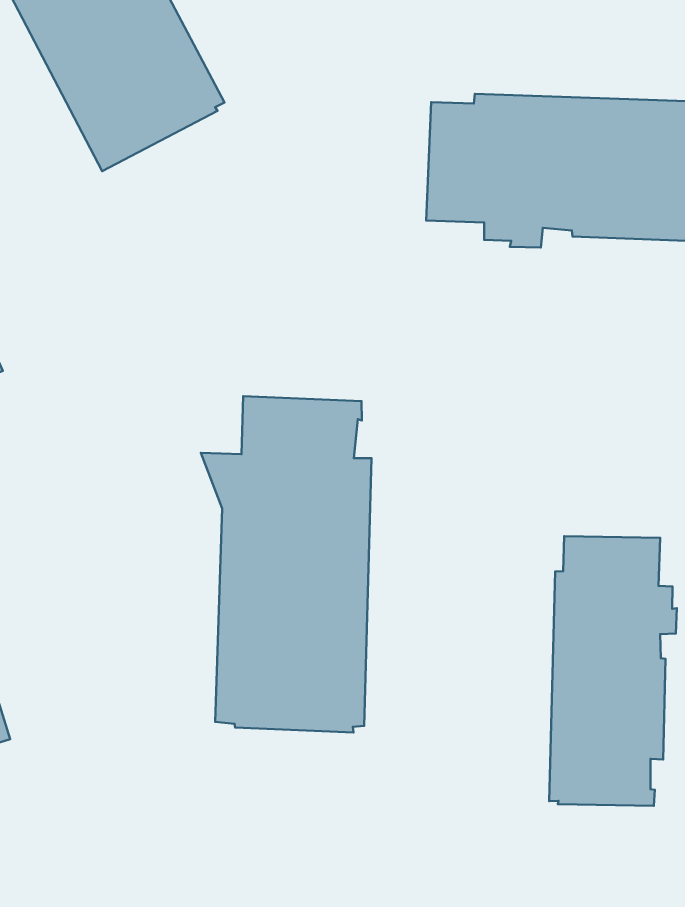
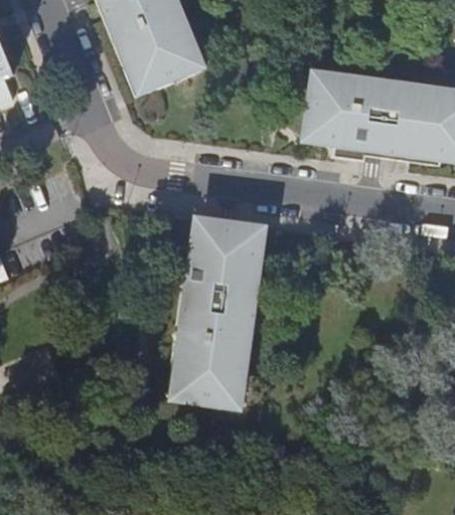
building: [549,536,677,806] -> none

